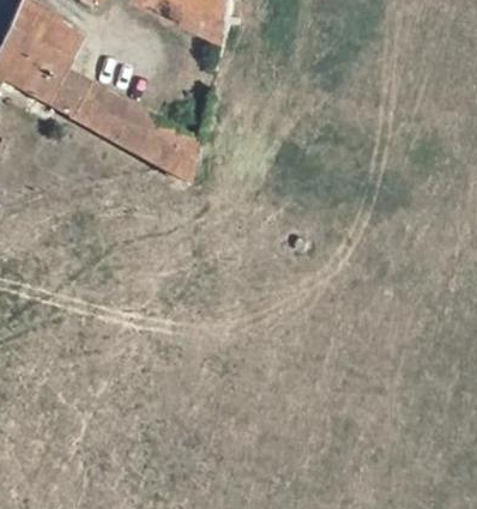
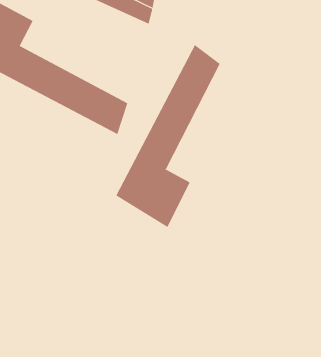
building: none -> [116,44,221,228]

